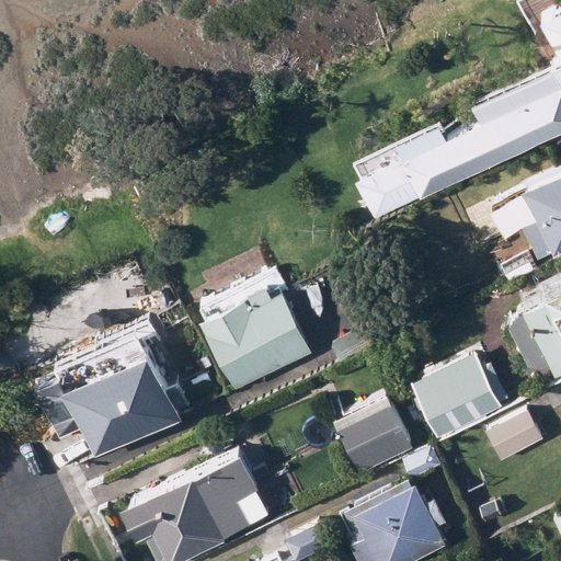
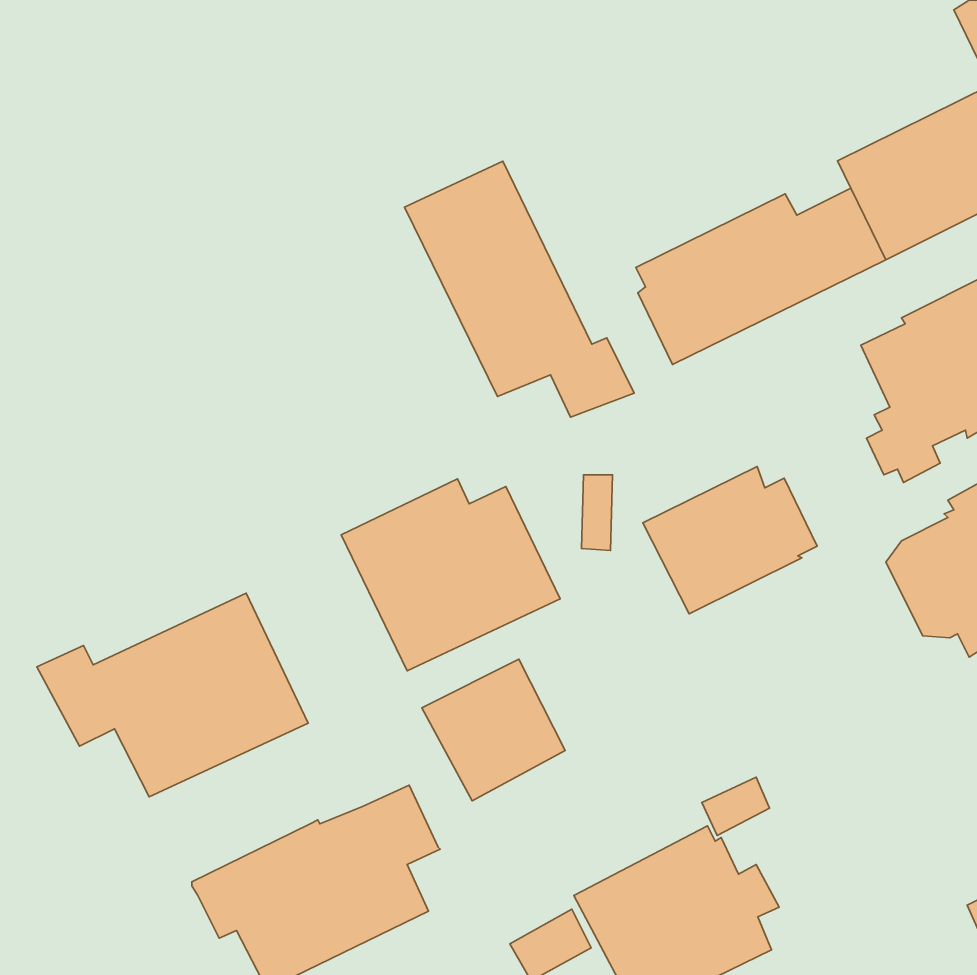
building: none -> [404,161,634,417]
building: [413,356,512,439] -> [643,467,817,614]
building: [333,396,414,476] -> [422,659,565,801]
building: [488,412,546,466] -> none

